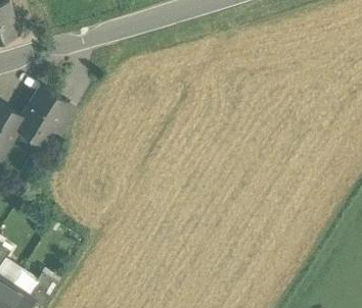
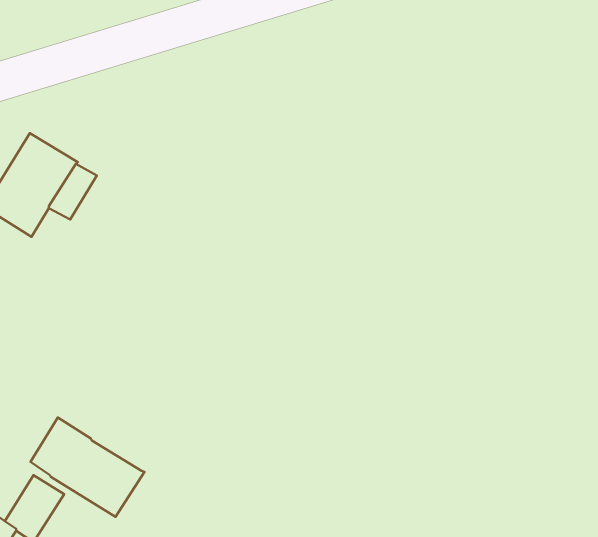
building: none -> [31,418,145,517]

